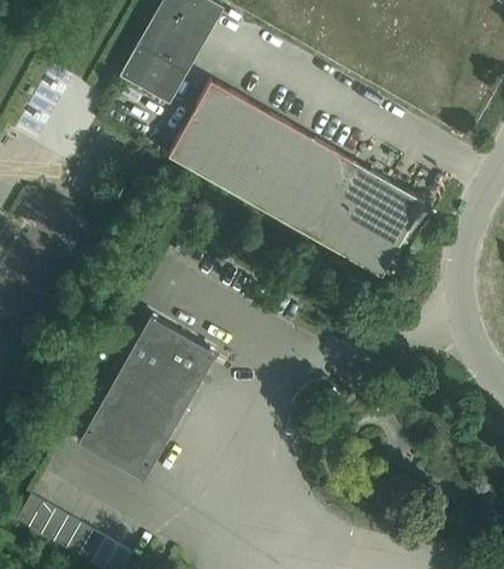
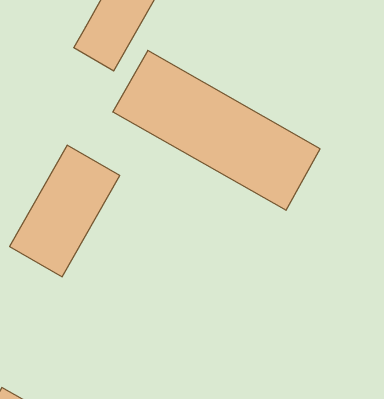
building: [78,318,214,480] -> [10,145,120,277]

